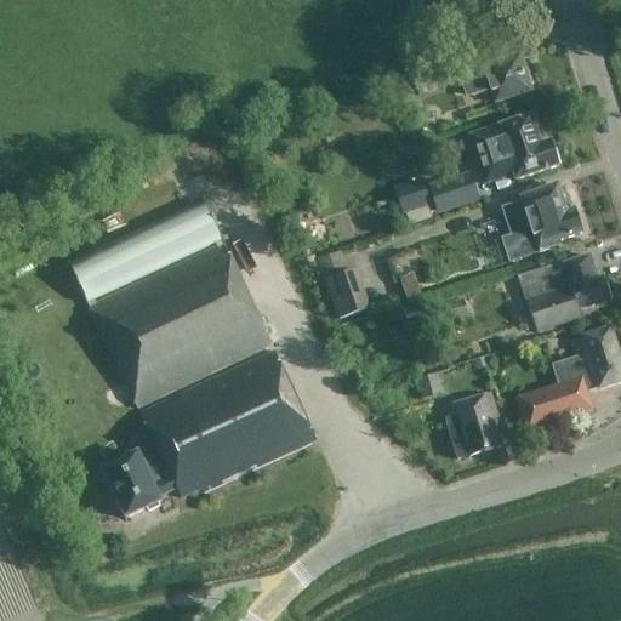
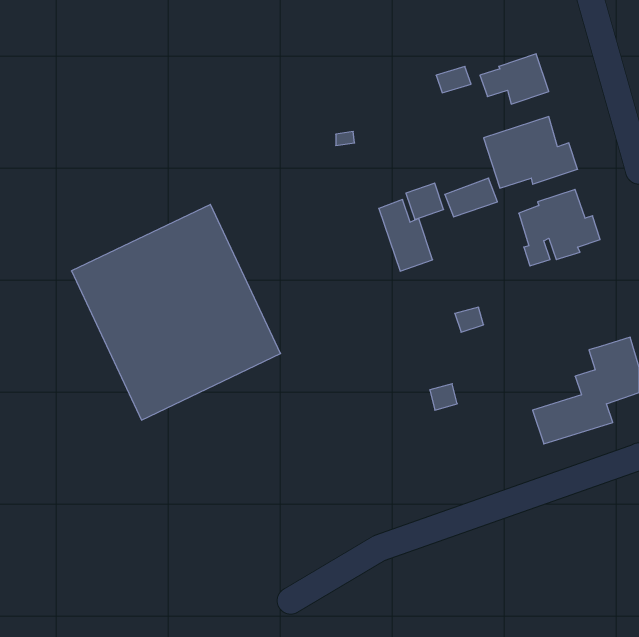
building: [318,249,370,318] -> [379,200,433,271]
building: [518,253,610,331] -> none
building: [103,349,315,517] -> none
building: [444,392,500,457] -> none

